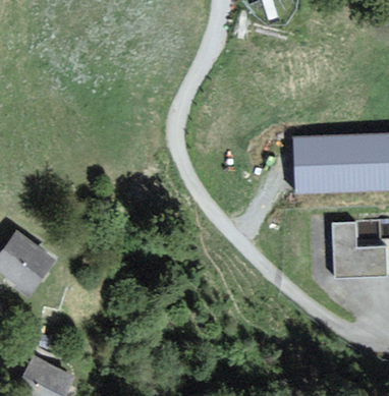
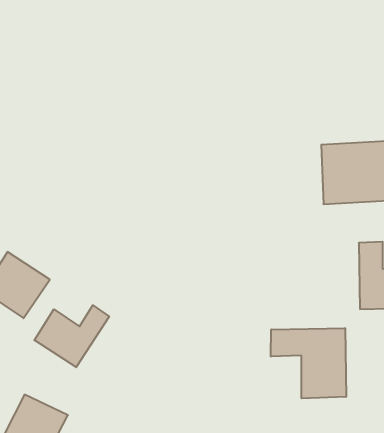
building: none -> [34,305,109,367]
building: none -> [271,328,346,398]

